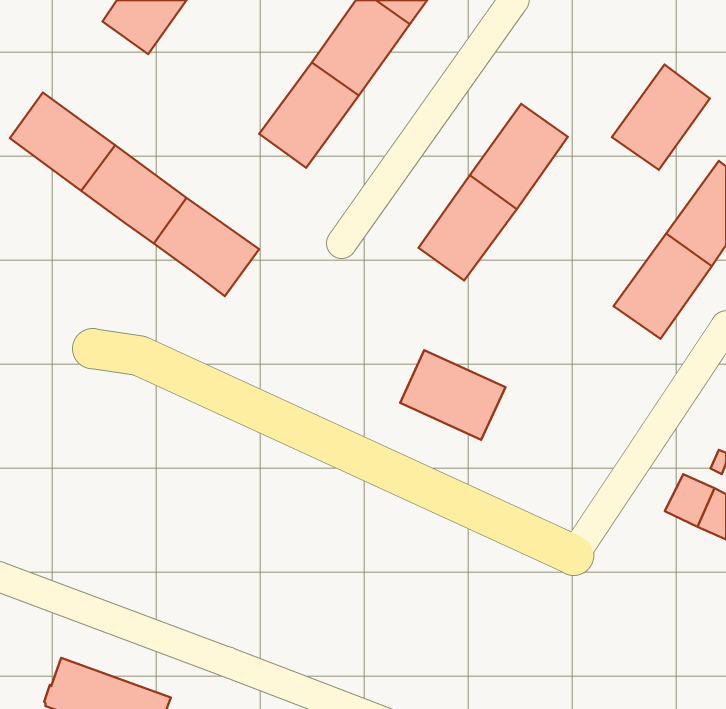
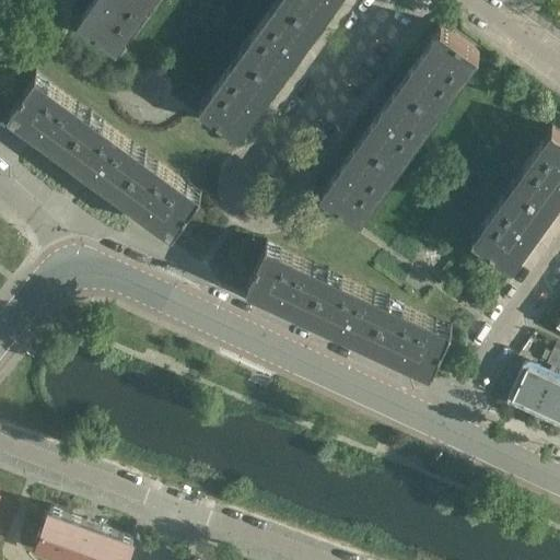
building: [612,64,710,170] -> [400,38,476,119]
building: none -> [245,255,326,324]
building: none -> [370,312,450,381]

